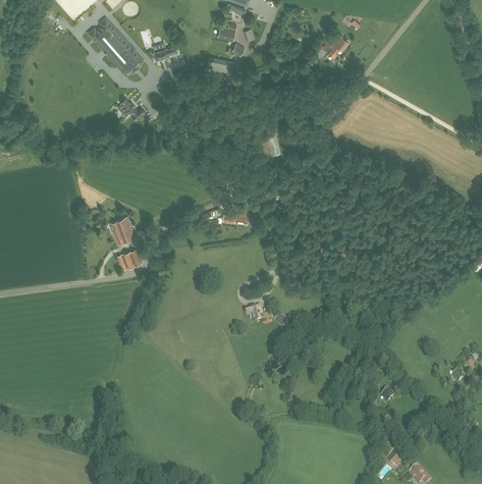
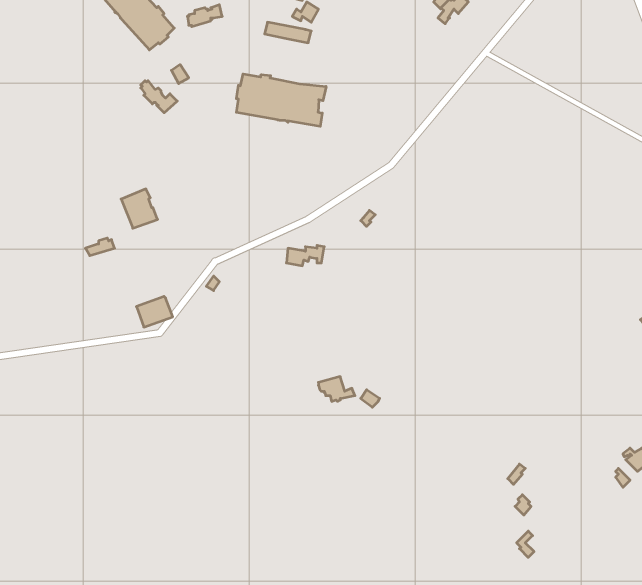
building: none -> [236,74,326,126]
building: [110,215,136,243] -> [121,189,158,228]

